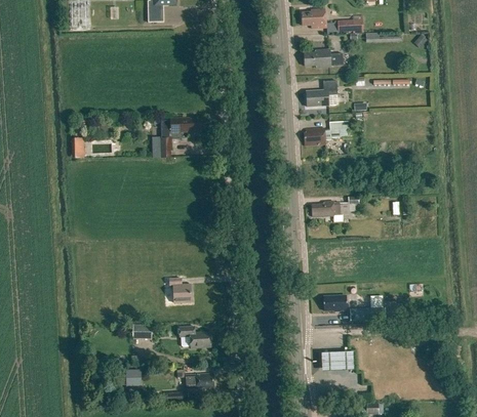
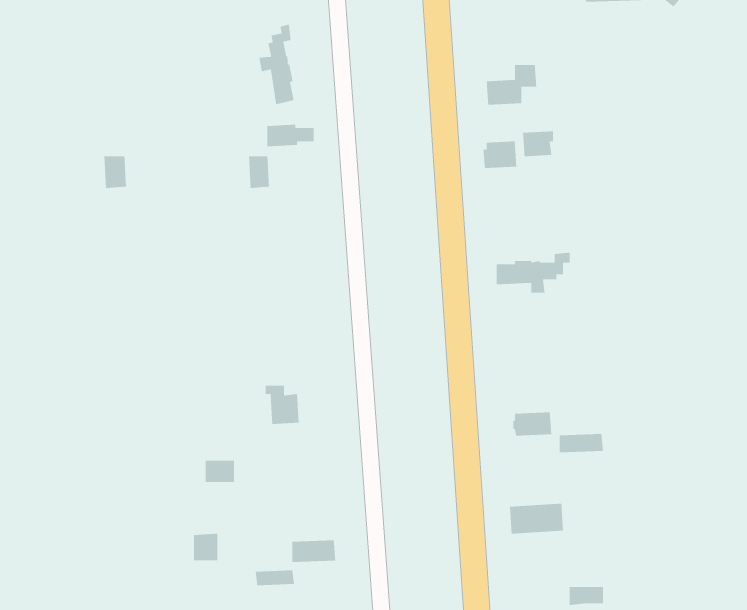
building: [304,48,343,67] -> none
building: none -> [258,24,294,105]
building: [178,326,210,347] -> none

